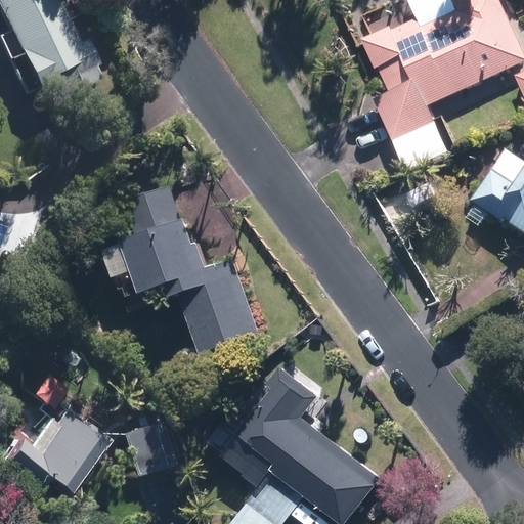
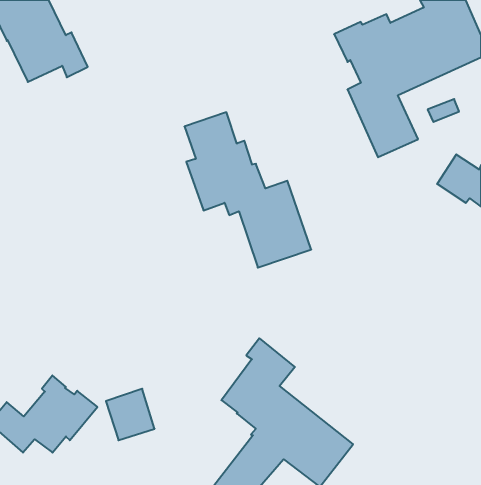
building: [122,185,258,352] -> [184,112,311,268]

